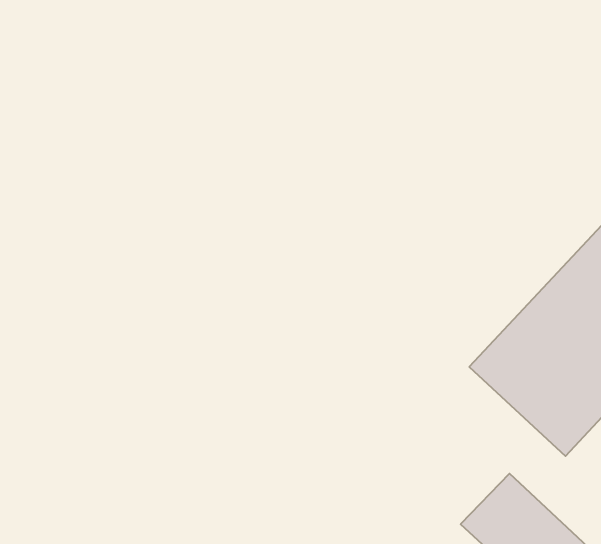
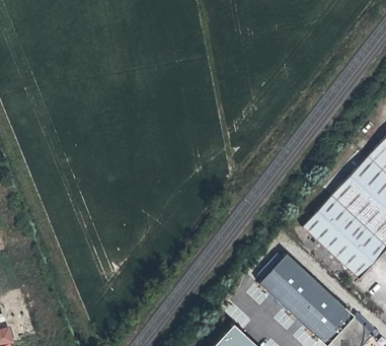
building: none -> [259,254,326,319]

